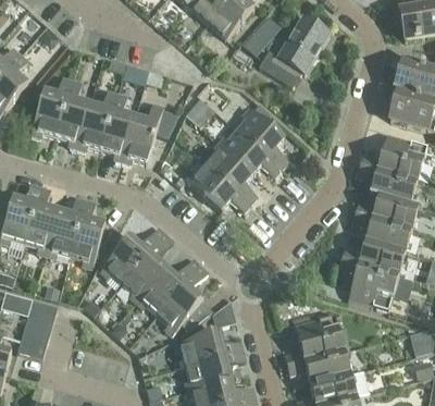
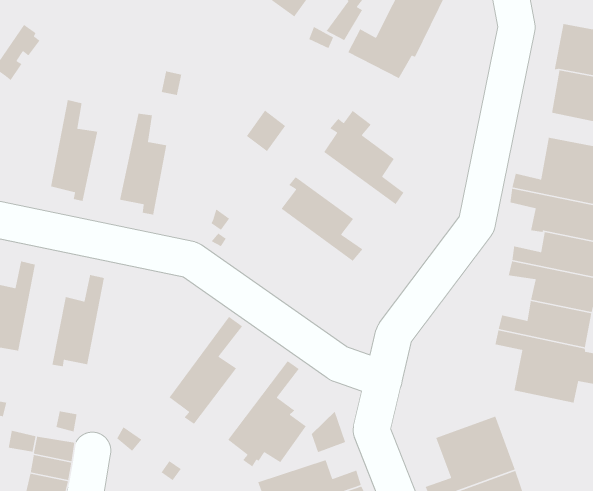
building: [30,76,72,137] -> none
building: [76,89,117,150] -> none
building: [122,102,163,163] -> none
building: [217,130,282,176] -> none
building: [186,164,250,211] -> none
building: [25,186,59,254] -> none
building: [70,199,104,268] -> none
building: [100,225,165,282] -> none
building: [136,257,201,313] -> none

